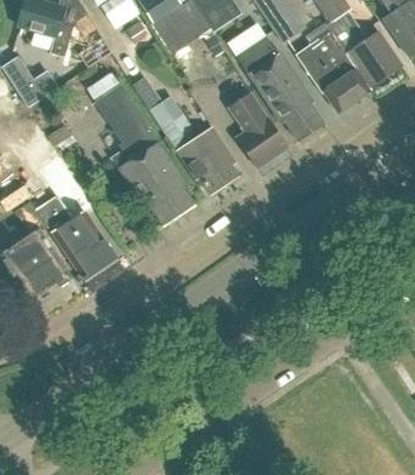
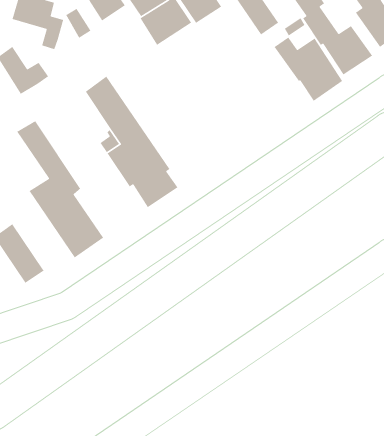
building: [235,35,324,141] -> none
building: [135,78,239,194] -> none
building: [229,92,288,167] -> none
building: [16,202,73,292] -> none

